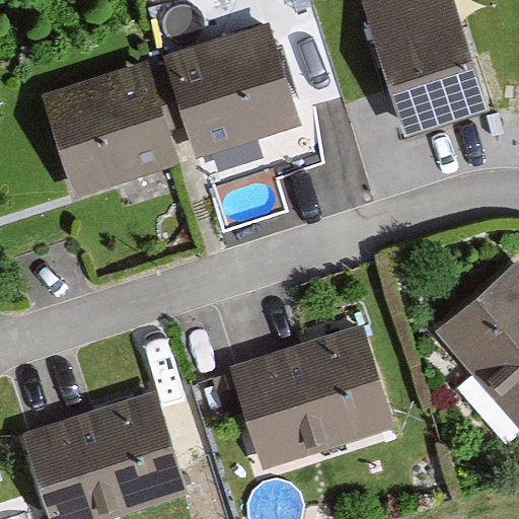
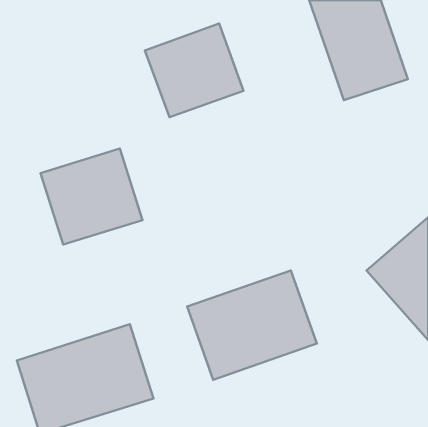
building: [49,69,171,184] -> [41,149,142,245]

